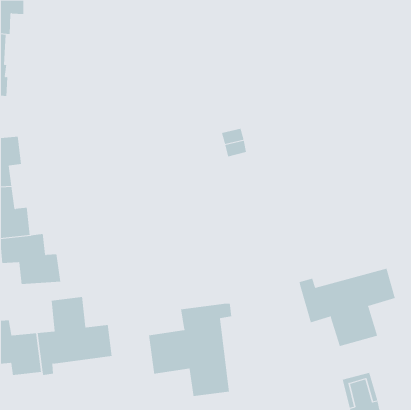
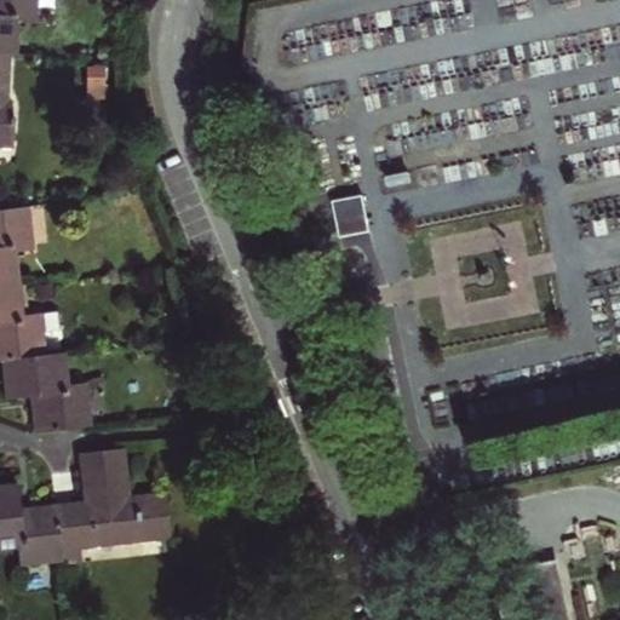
building: [299,268,395,347] -> none
building: [149,303,232,397] -> none

